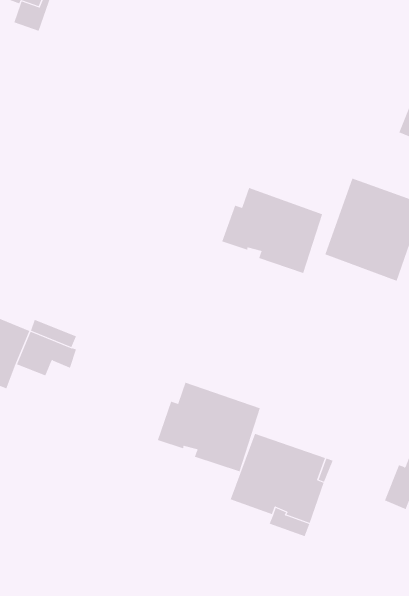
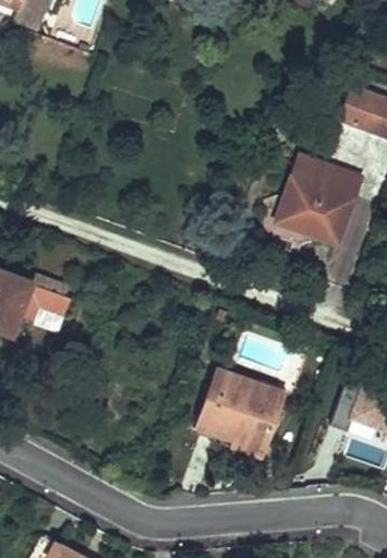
building: [222,187,323,274] -> none
building: [157,382,260,472] -> none

